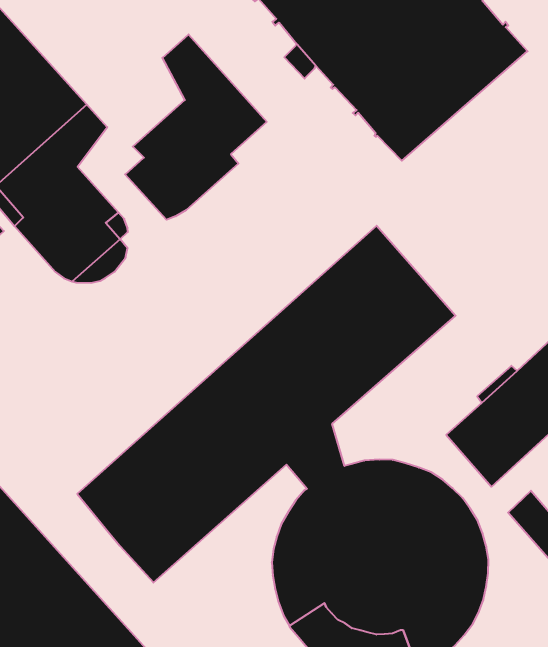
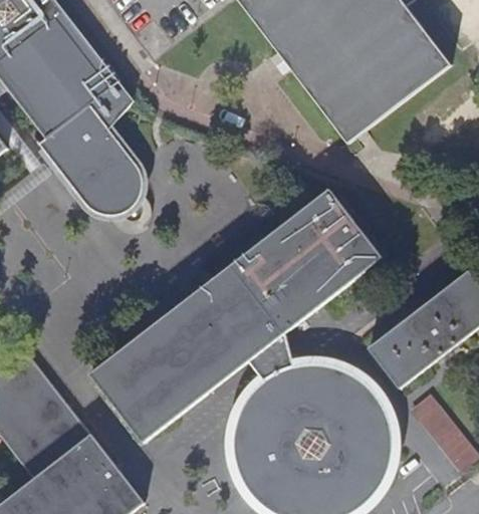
building: [125,34,267,220] -> none

